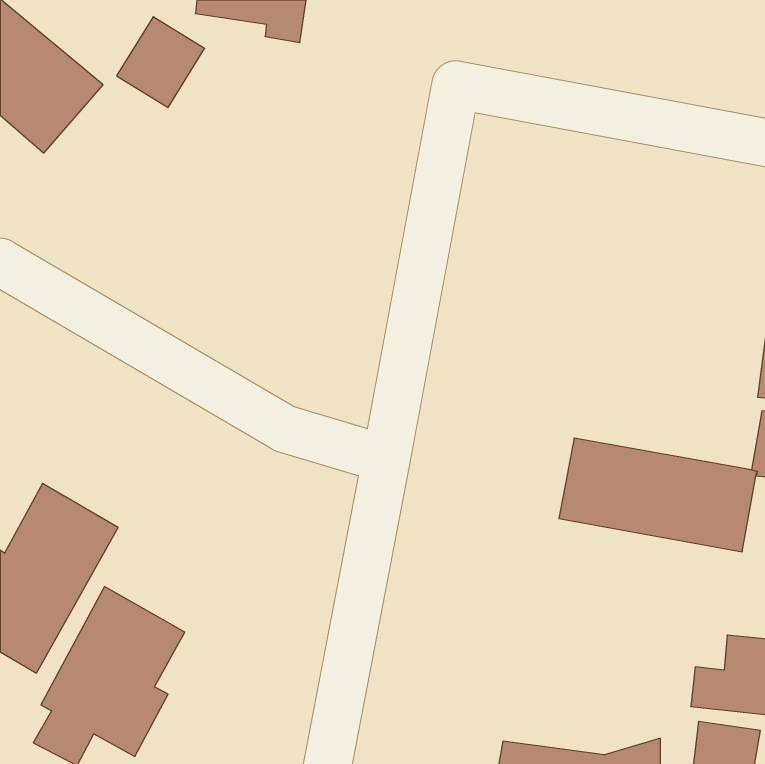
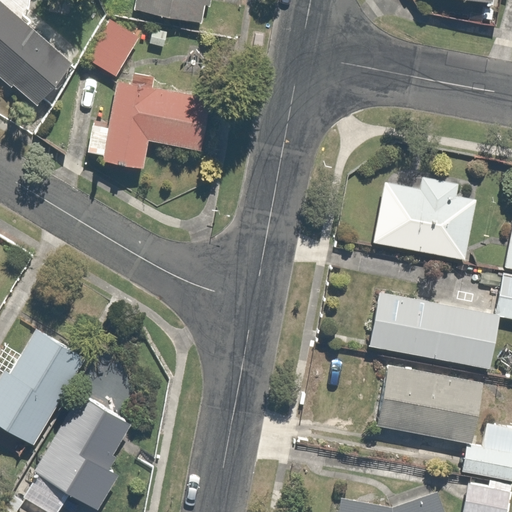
building: none -> [87,83,207,167]
building: none -> [372,176,473,257]
building: none -> [376,365,482,440]

